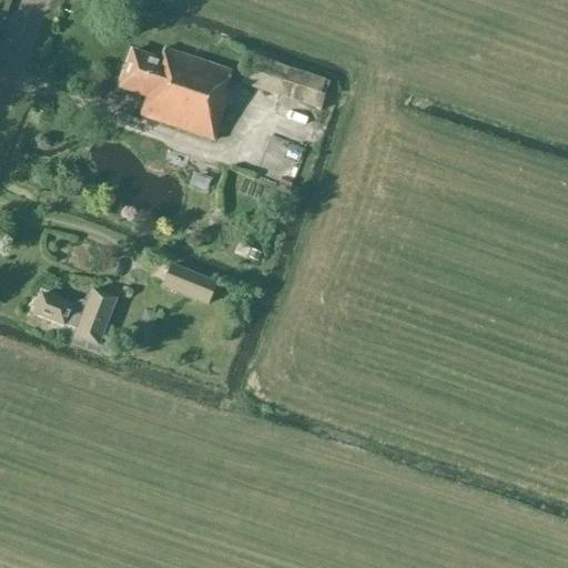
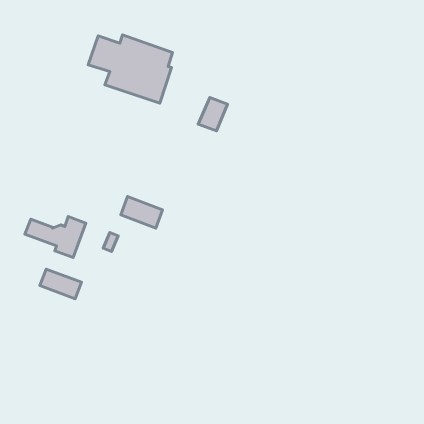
building: [242,53,331,109] -> none
building: none -> [40,269,82,299]

